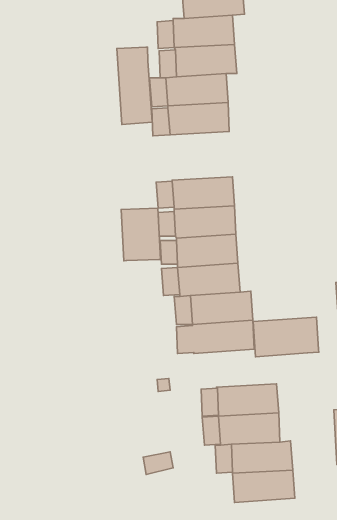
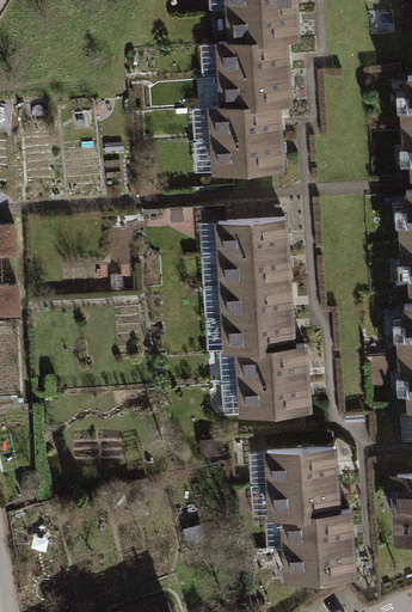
building: [117,47,152,125] -> none
building: [121,208,160,261] -> none
building: [253,317,319,357] -> none

